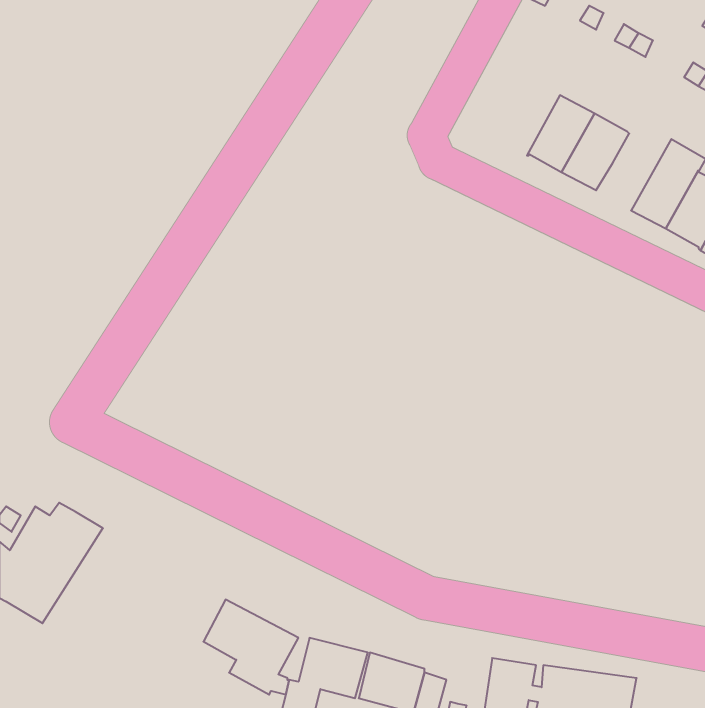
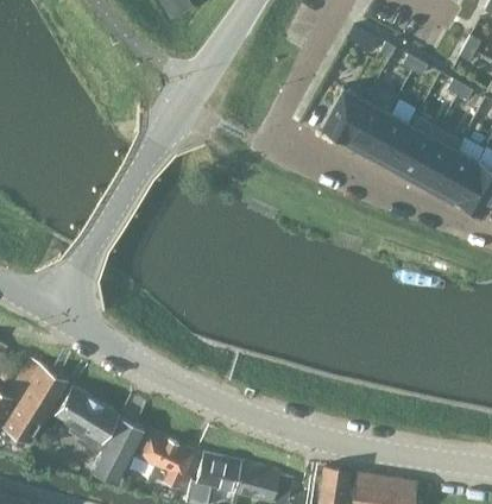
building: none -> [322,89,367,141]
building: none -> [391,118,440,177]
building: none -> [57,389,145,485]

